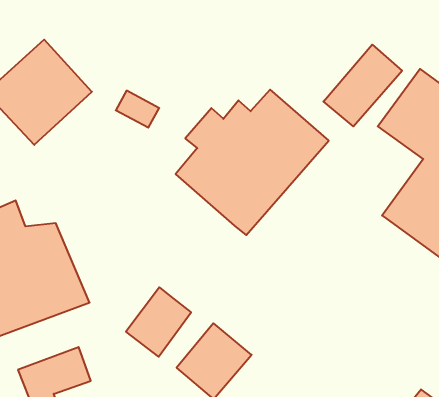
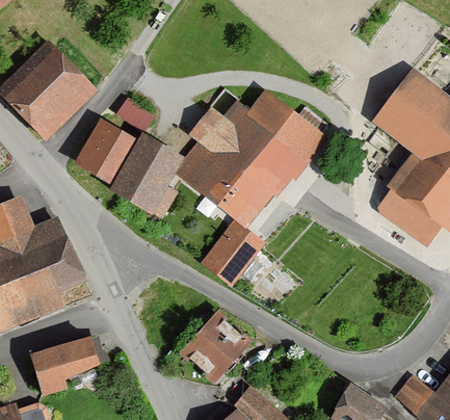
building: [323,45,402,126] -> none
building: none -> [71,119,182,213]
building: [126,287,191,357] -> [202,218,264,285]

